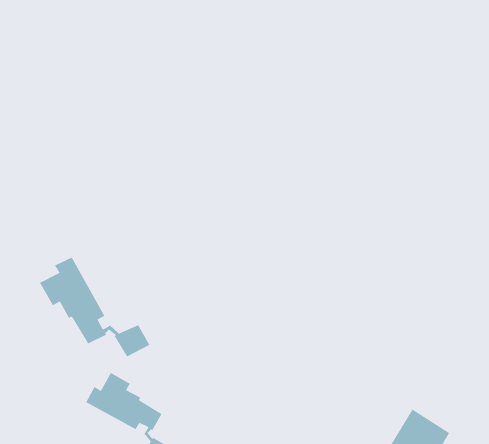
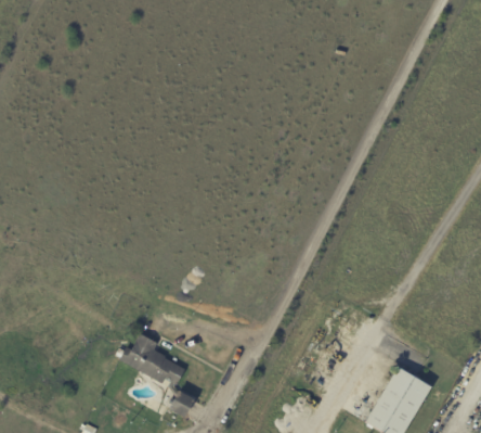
building: [39,257,151,357] -> none

